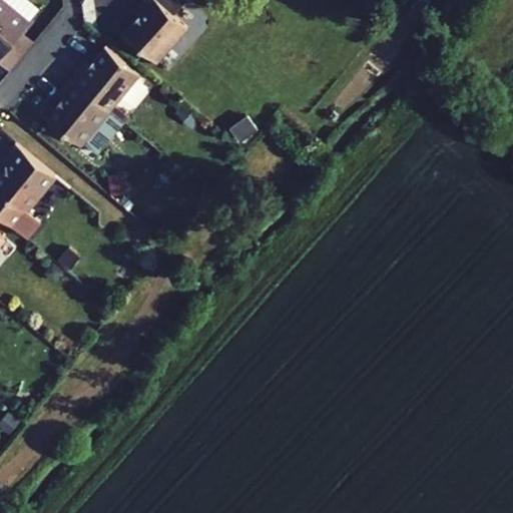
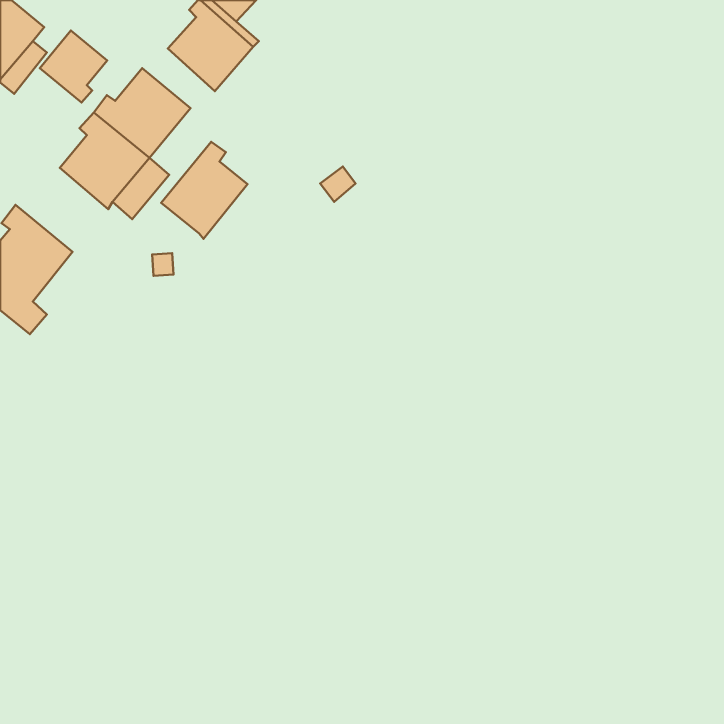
building: none -> [40,30,107,103]
building: none -> [161,142,247,239]

